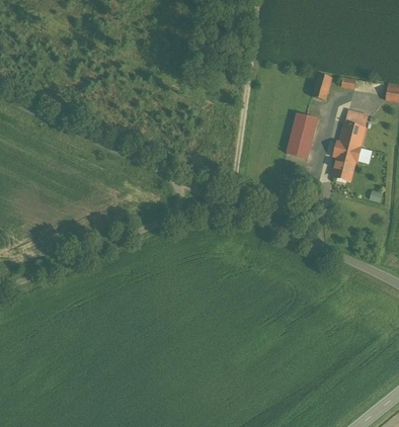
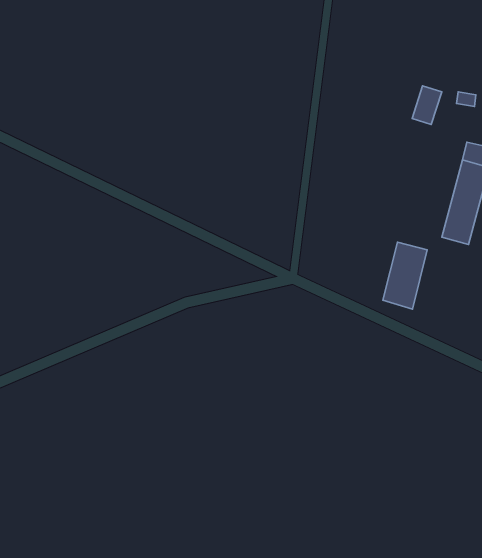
building: [287,112,317,158] -> [383,242,427,309]

